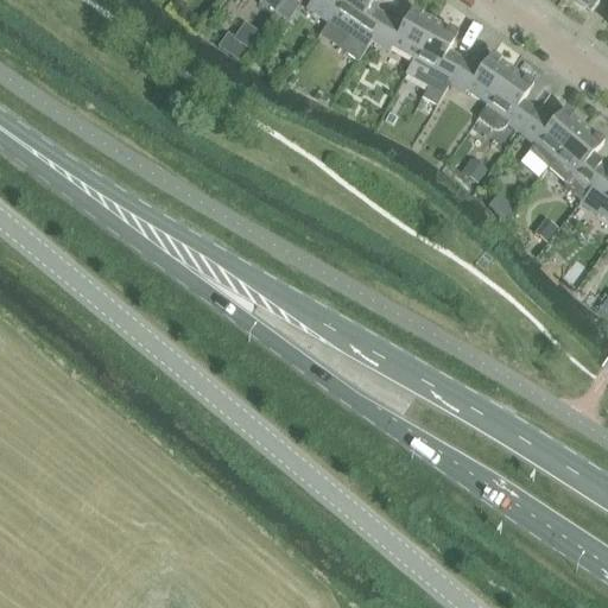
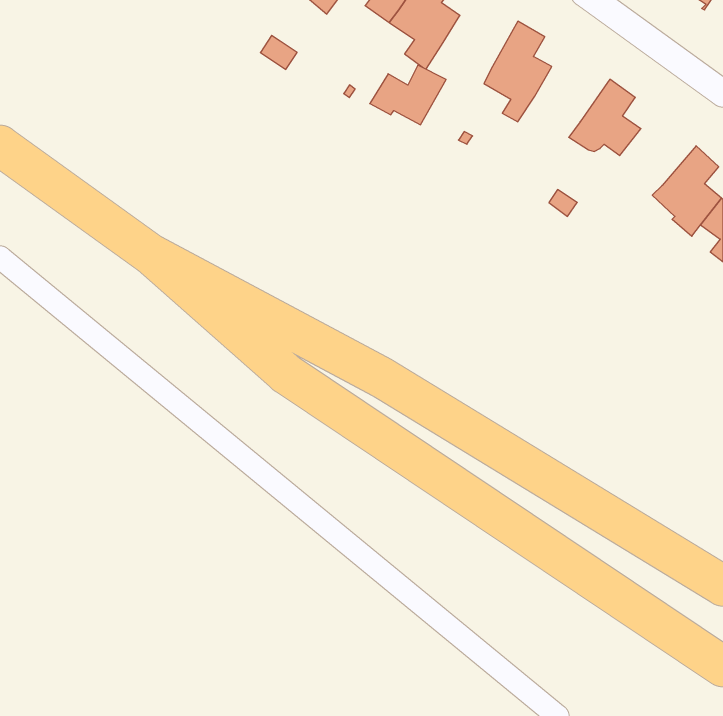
building: [370,6,435,56] -> [370,65,446,125]
building: [449,51,512,102] -> none
building: [520,106,584,164] -> none

